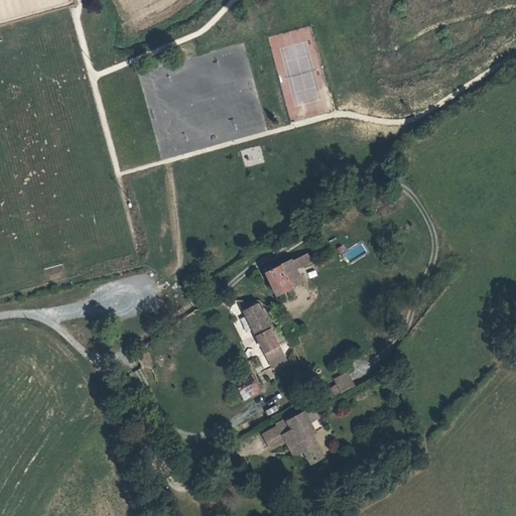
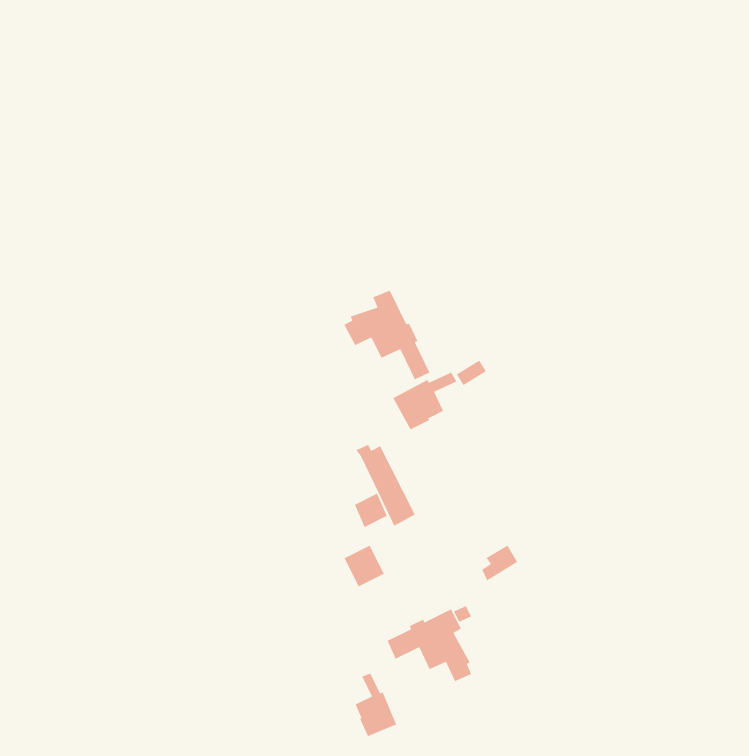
building: none -> [343,290,431,380]
building: none -> [354,672,397,737]

